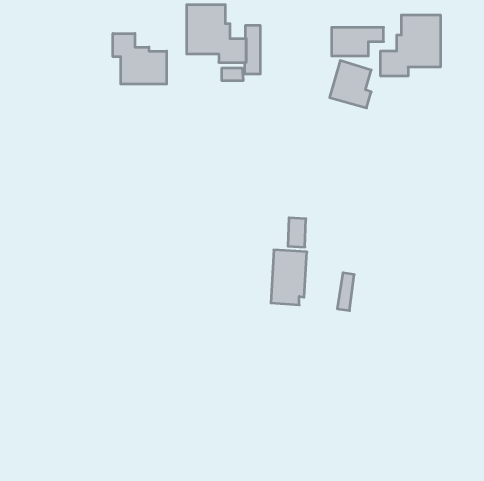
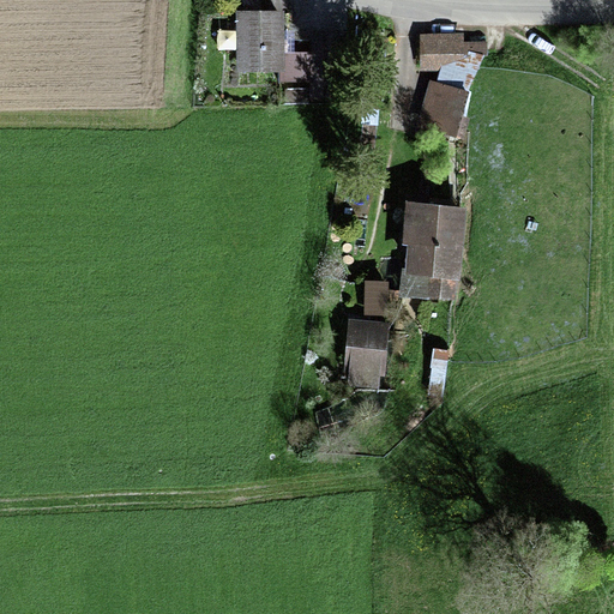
building: [381,15,440,76] -> none
building: [113,33,167,84] -> none
building: none -> [398,199,468,302]

